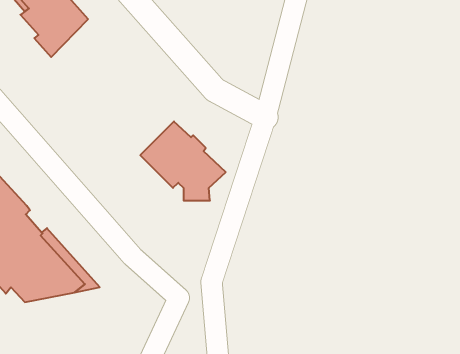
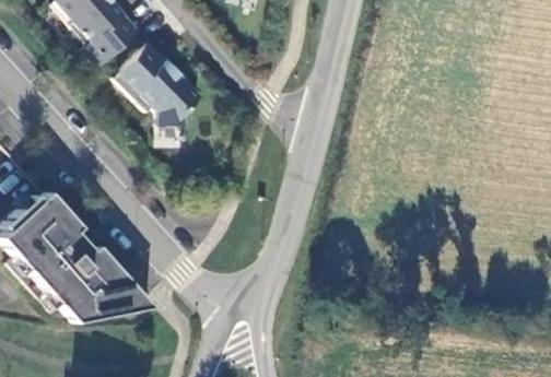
building: [140,121,226,201] -> [116,42,204,123]

